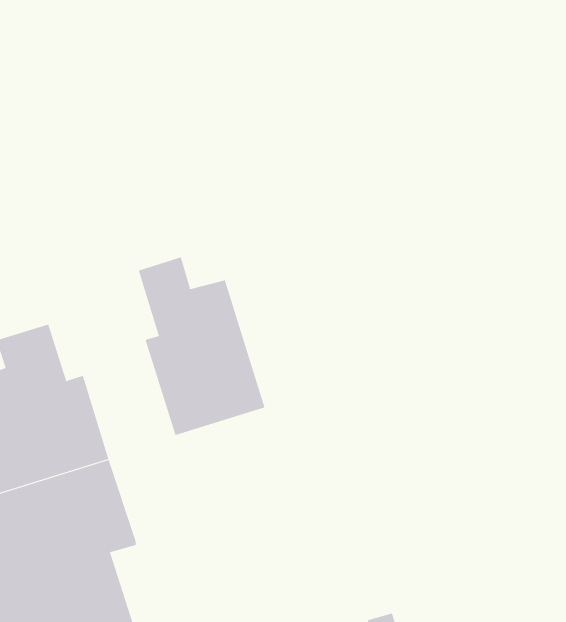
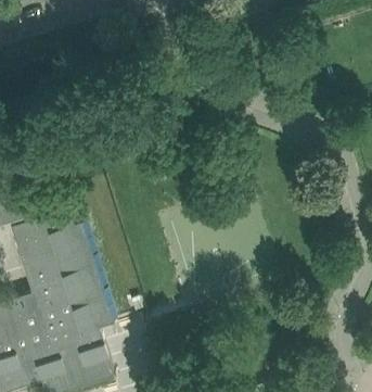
building: [138,257,265,436] -> none

